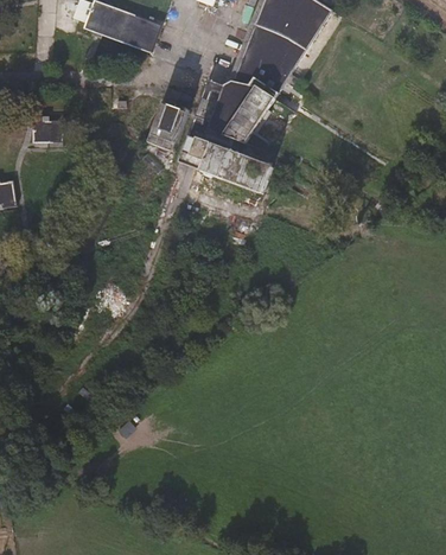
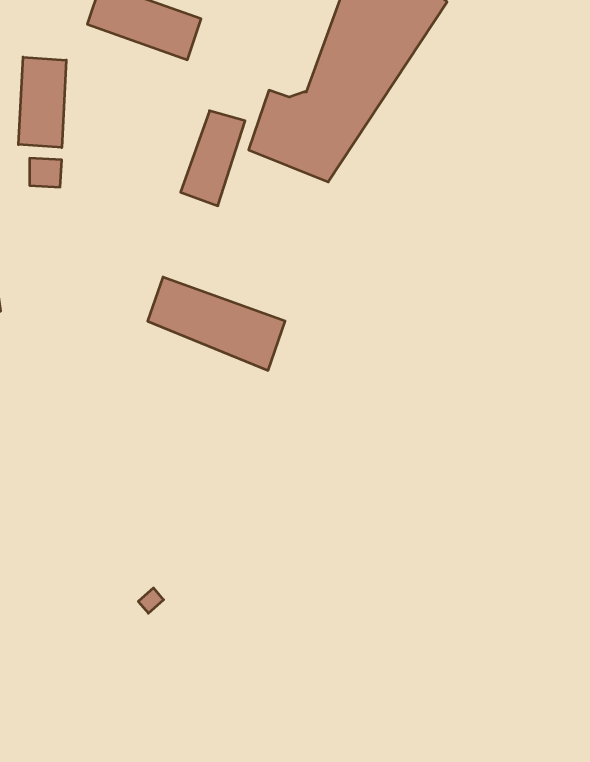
building: none -> [18,57,66,148]
building: [177,128,273,193] -> [148,277,285,370]

